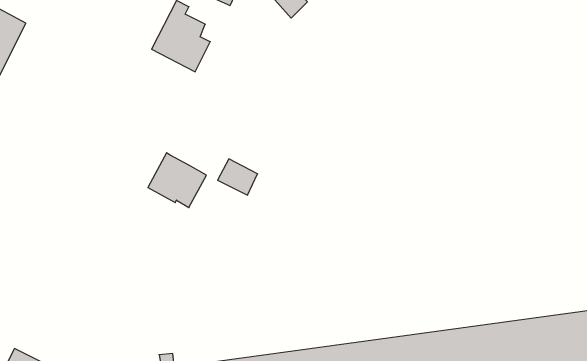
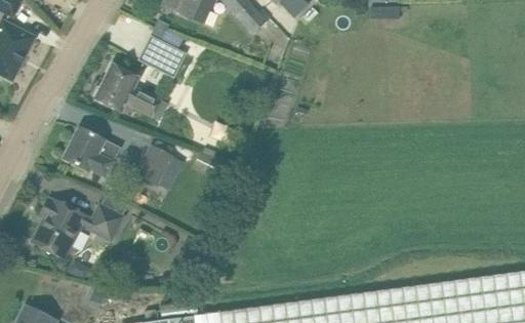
building: none -> [94,64,161,116]
building: none -> [64,127,121,177]
building: none -> [32,198,124,259]

